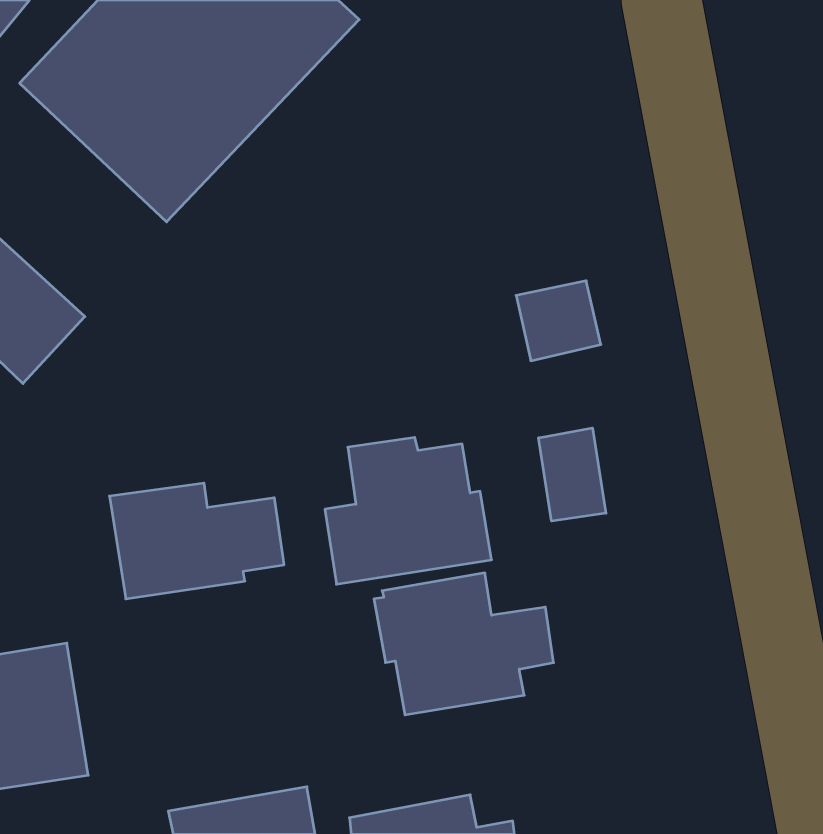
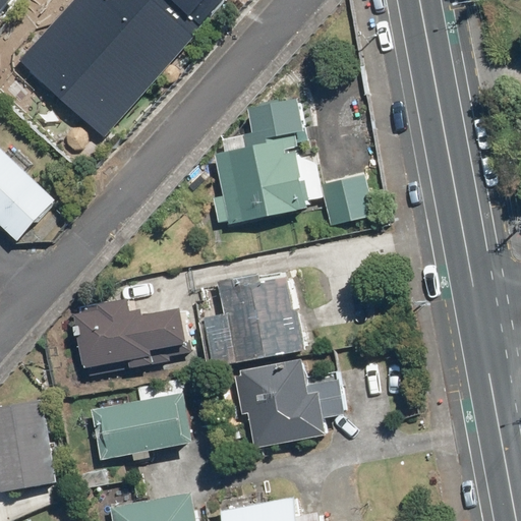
building: none -> [211,97,322,222]
building: [539,428,606,521] -> none
building: none -> [88,393,190,457]

